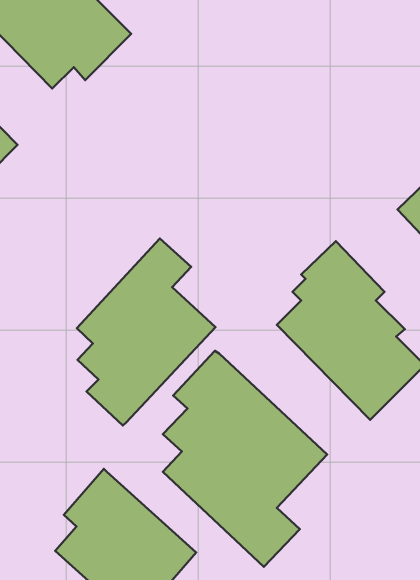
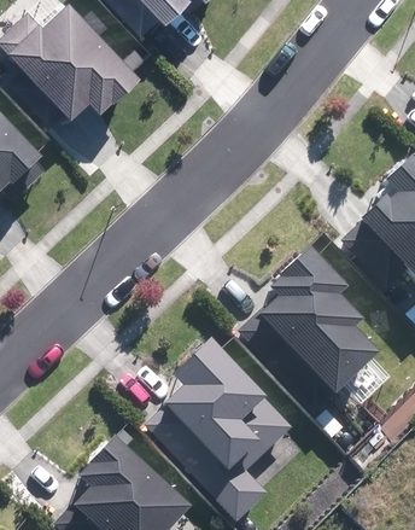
building: [77,238,215,425] -> none

